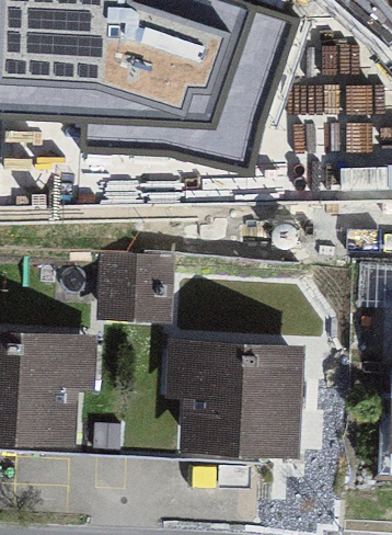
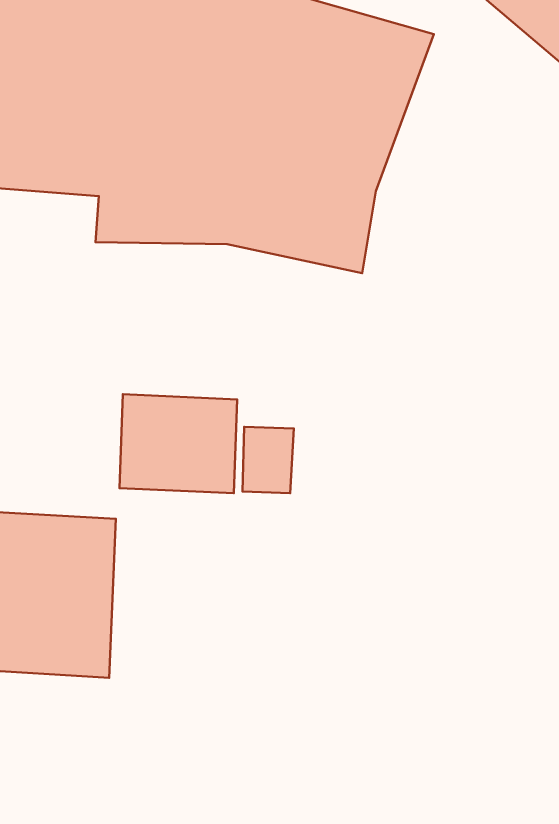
building: [170,338,302,449] -> none

